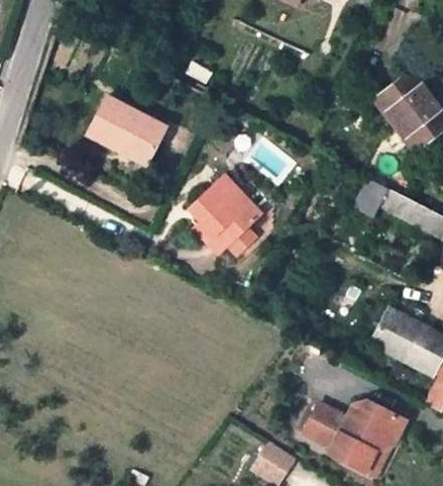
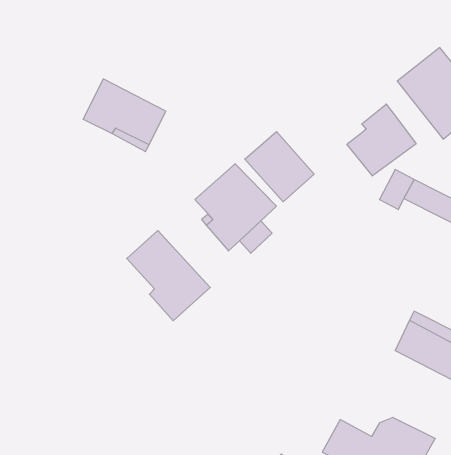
building: none -> [347,104,416,176]
building: none -> [245,132,314,202]
building: none -> [127,231,210,321]

